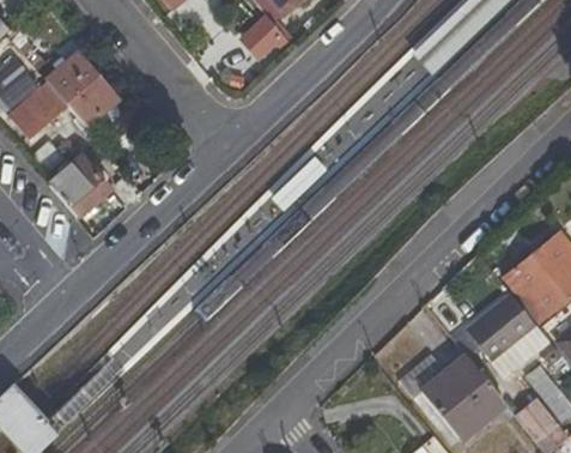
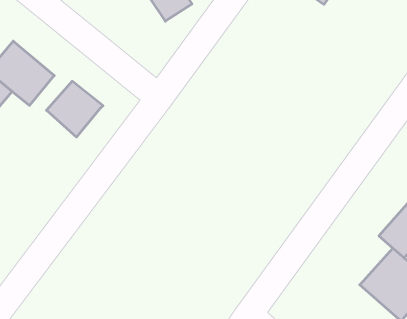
building: [47,153,111,217] -> [46,81,103,137]

